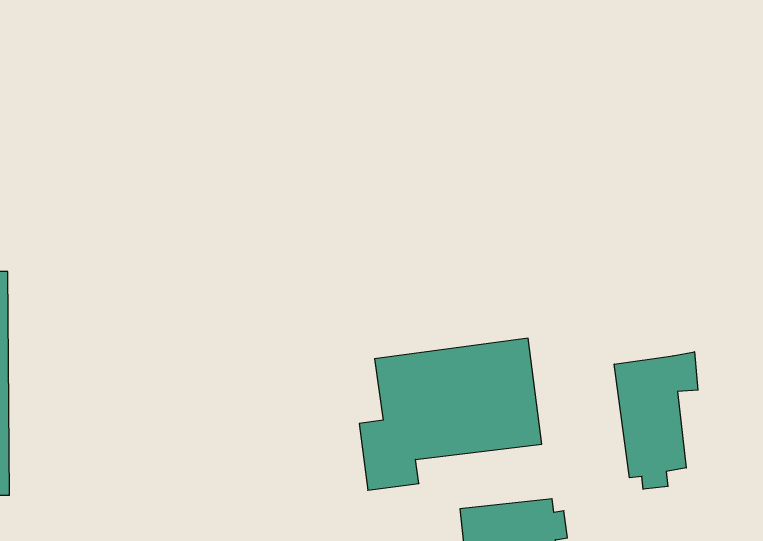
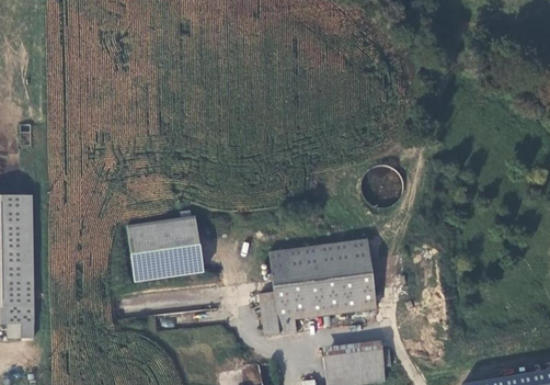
building: none -> [126,216,203,282]
building: [614,352,698,489] -> none

